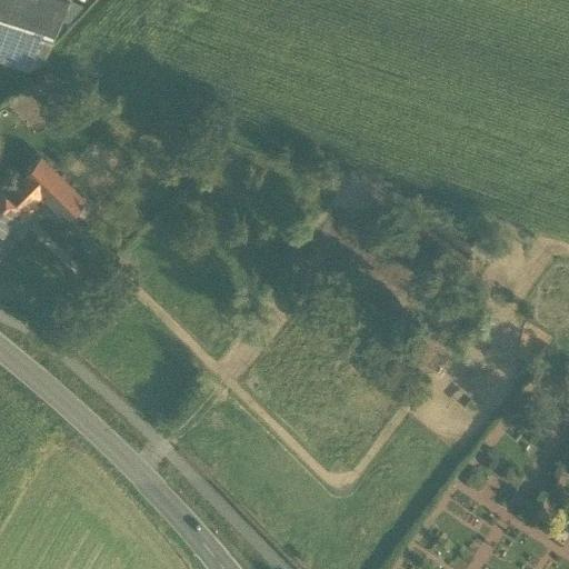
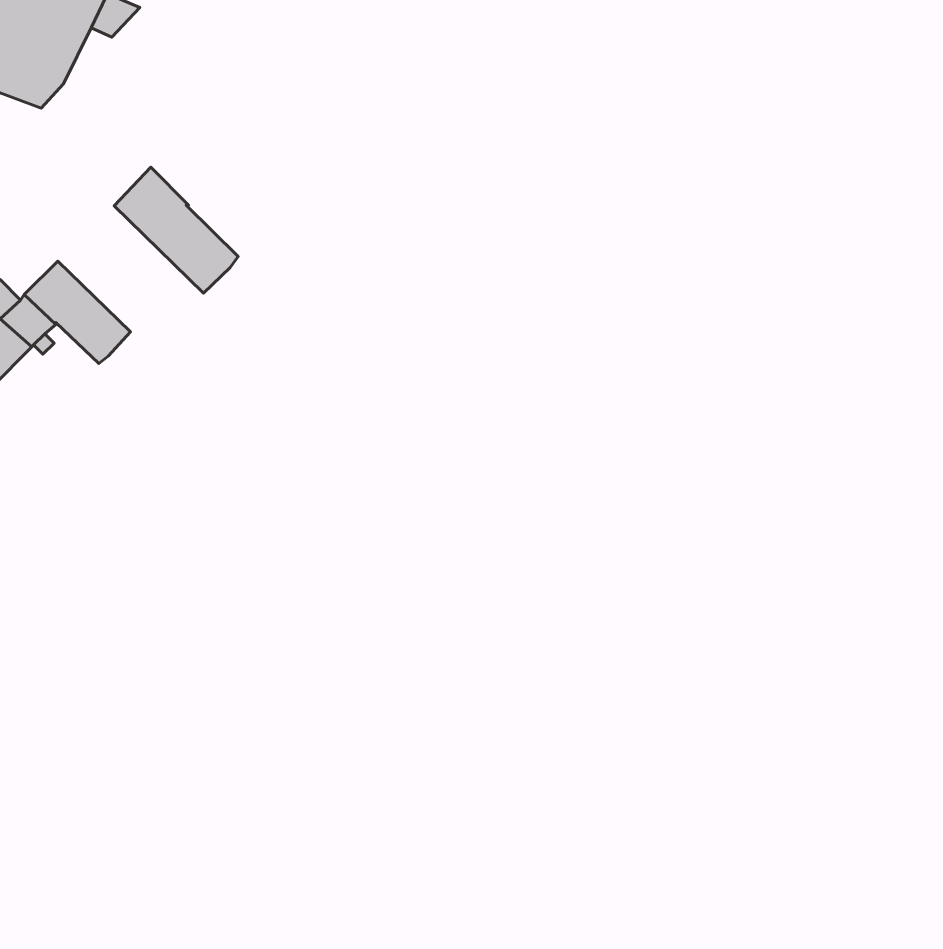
building: none -> [114,167,238,293]

